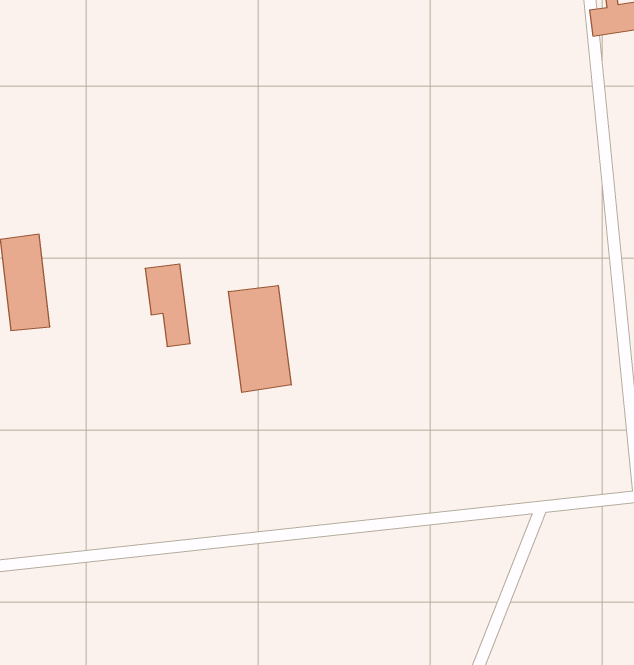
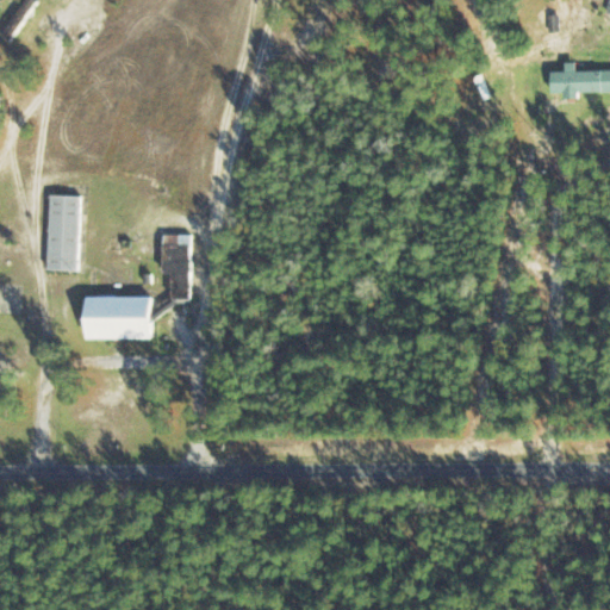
building: [228,285,291,392] -> none
building: none -> [86,297,150,337]

